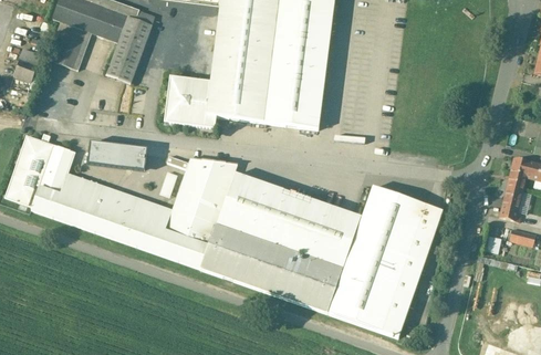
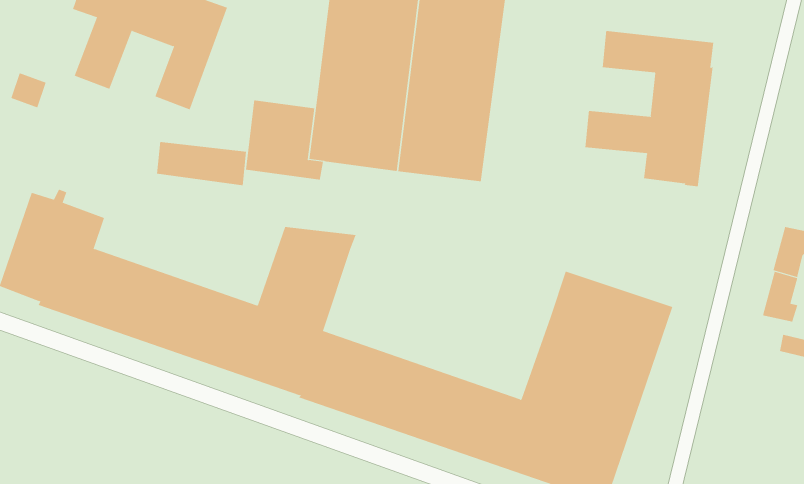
building: none -> [585,30,714,187]
building: [87,142,146,170] -> [156,141,247,186]
building: [216,171,362,269] -> none

